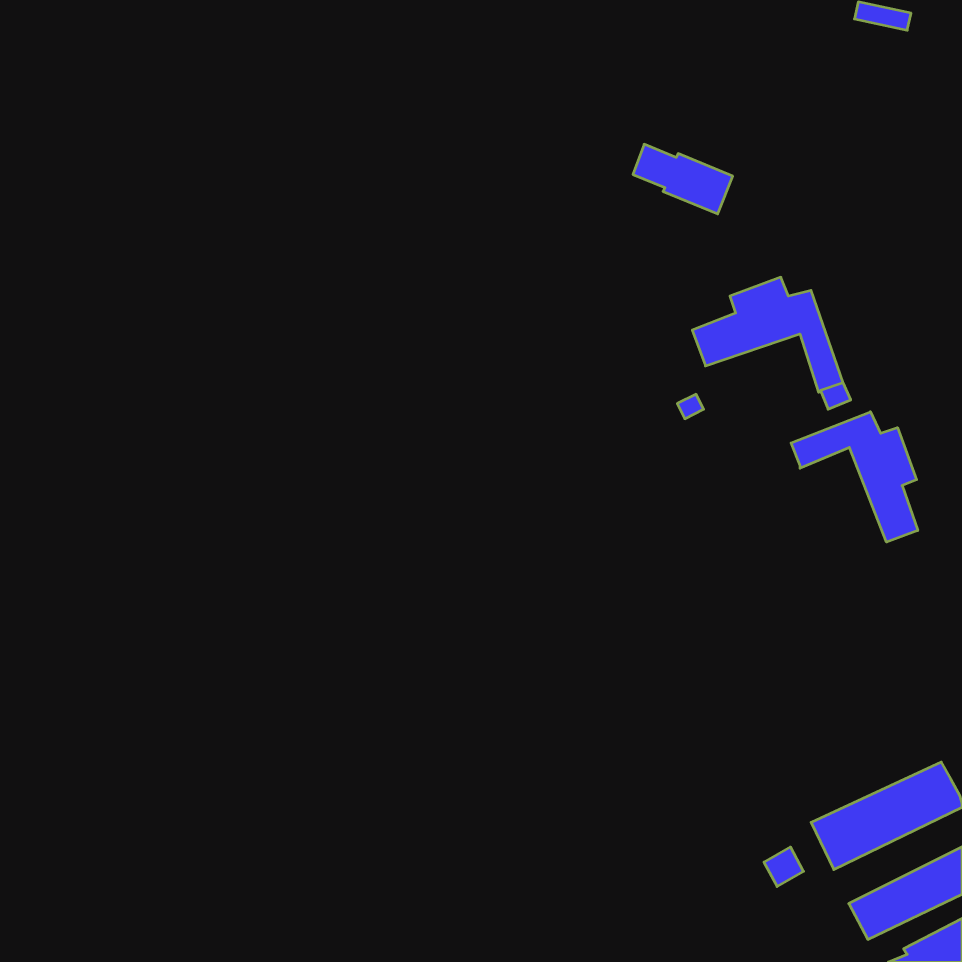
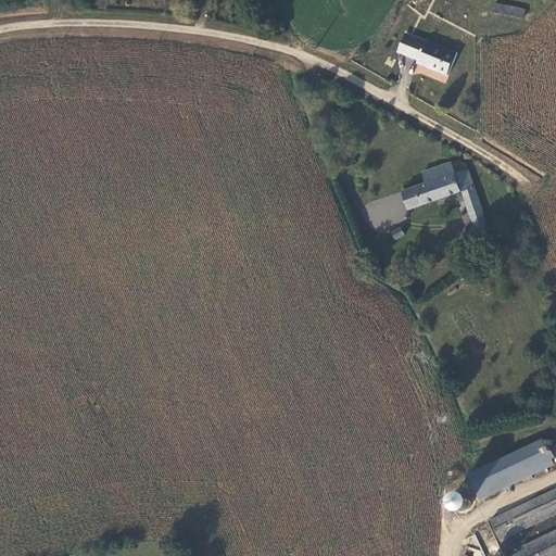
building: [633,144,733,214] -> [397,34,455,74]
building: [791,412,918,542] -> none

